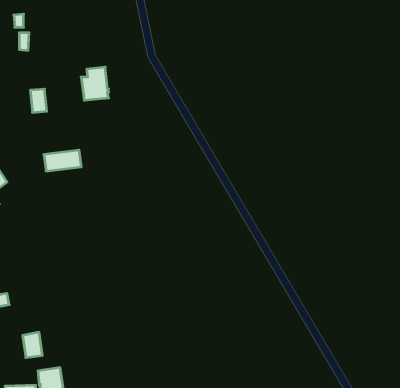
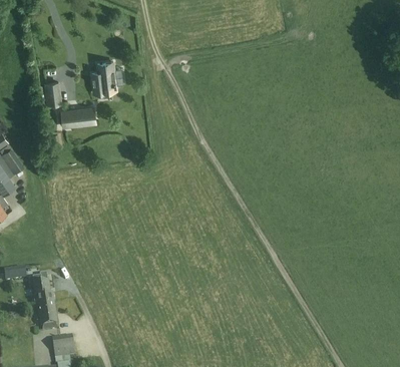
building: [44,150,81,171] -> [61,108,95,127]
building: none -> [33,275,53,307]

